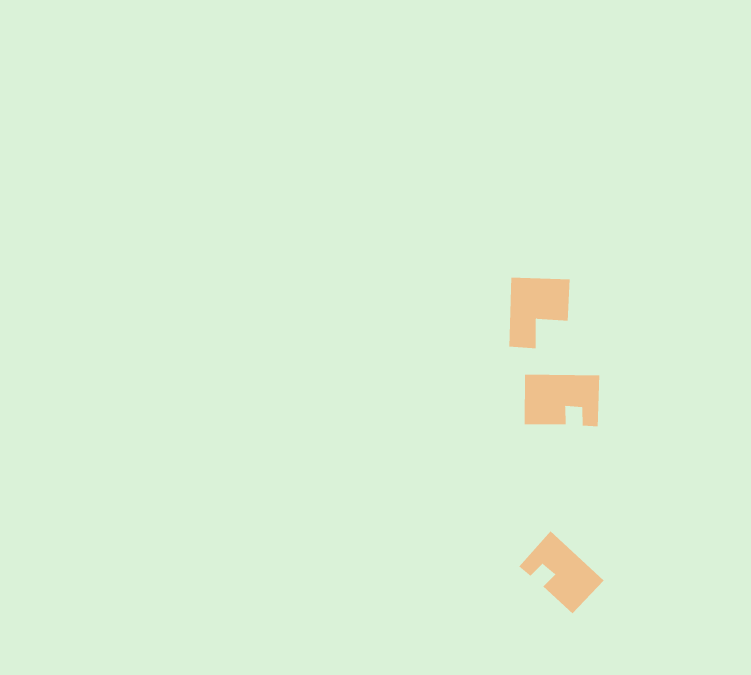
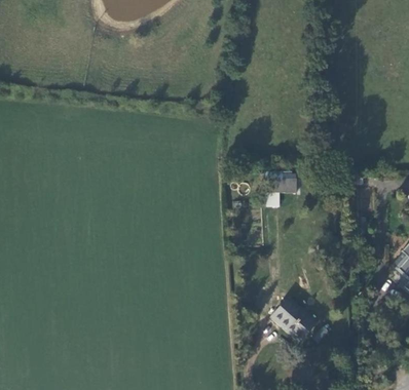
building: [524,374,600,427] -> none

